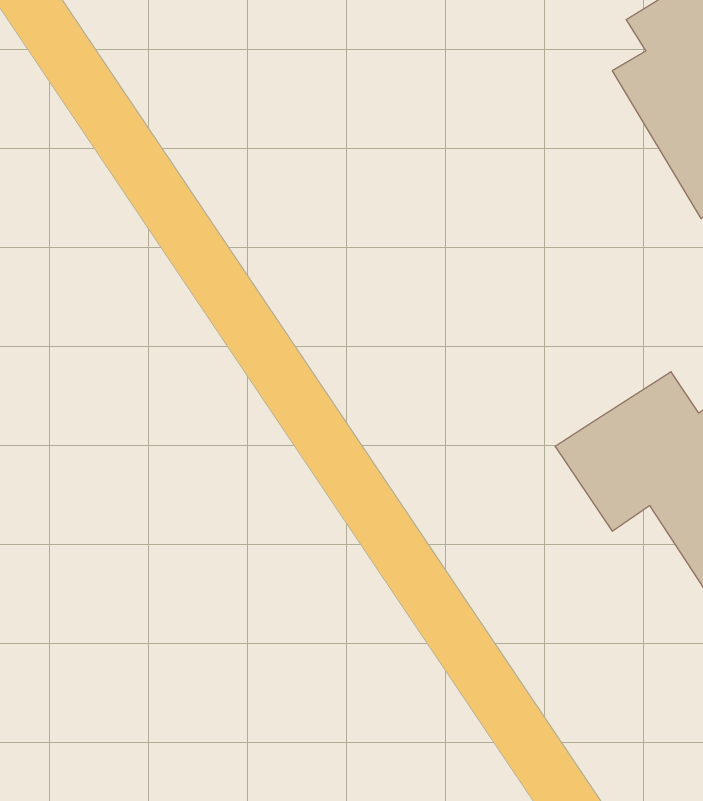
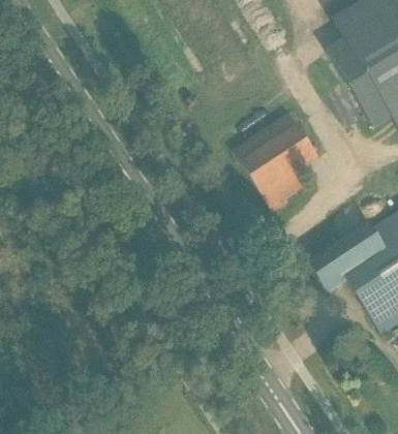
building: none -> [234,113,318,211]

